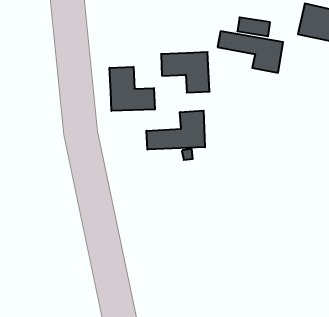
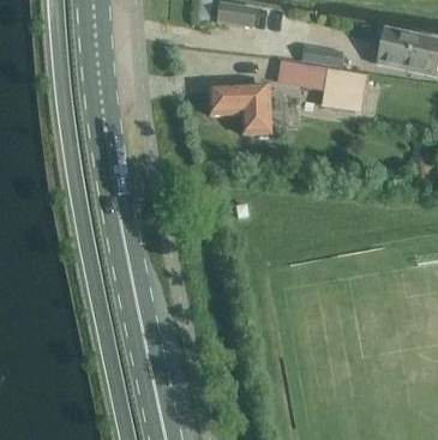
building: [110,67,155,111] -> none
building: [146,111,205,150] -> none

